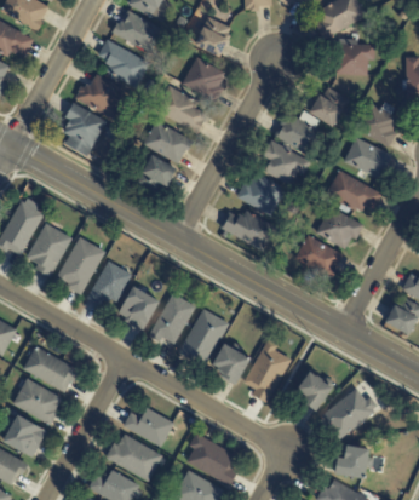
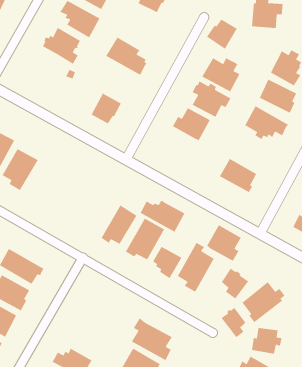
building: [183,56,225,100] -> none
building: [310,87,349,126] -> [207,19,238,50]
building: [63,102,107,155] -> none
building: [143,120,194,163] -> none
building: [316,206,365,248] -> none
building: [220,209,277,251] -> [139,199,185,233]
building: [57,236,105,294] -> none
building: [87,260,132,306] -> none
building: [119,286,159,329] -> none
building: none -> [206,224,242,262]
building: [124,408,174,447] -> none
building: none -> [220,307,246,338]
building: [105,435,162,481] -> none

